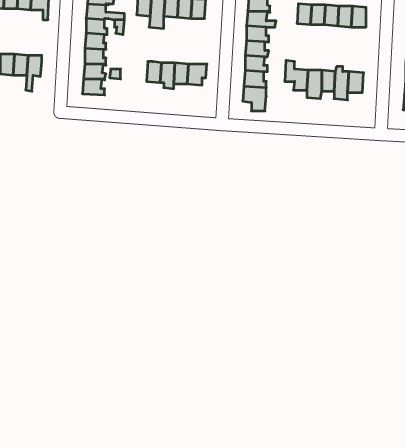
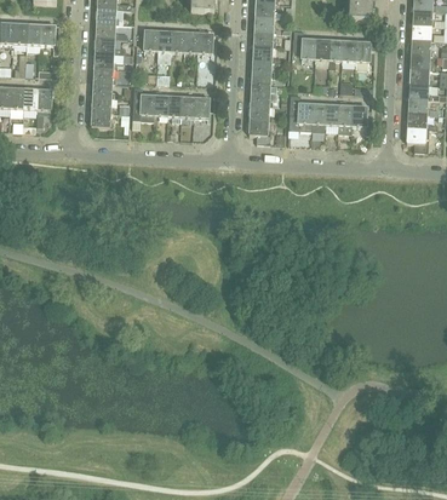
building: none -> [133,85,155,123]

